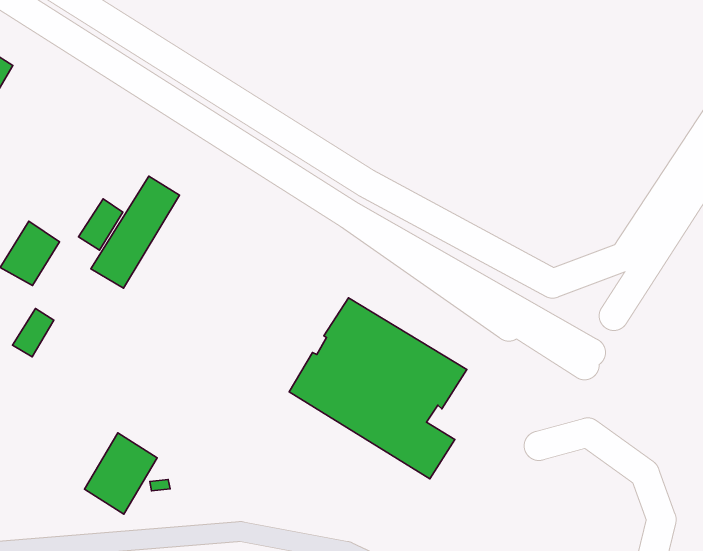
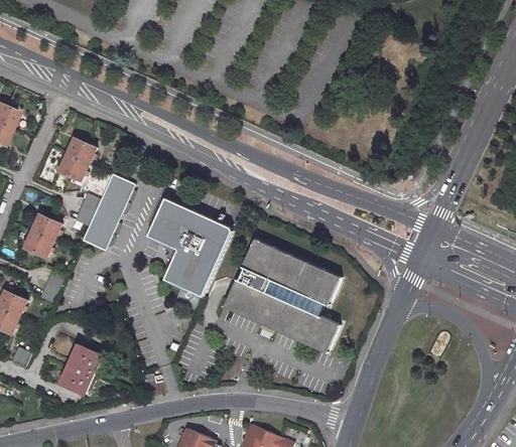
building: none -> [57,140,94,182]
building: none -> [148,197,233,295]
building: [85,433,157,514] -> [61,339,107,393]

